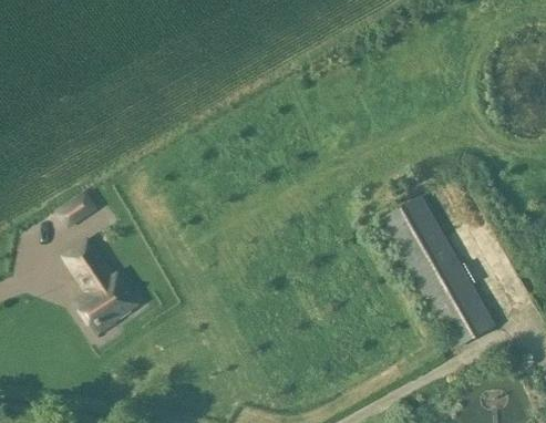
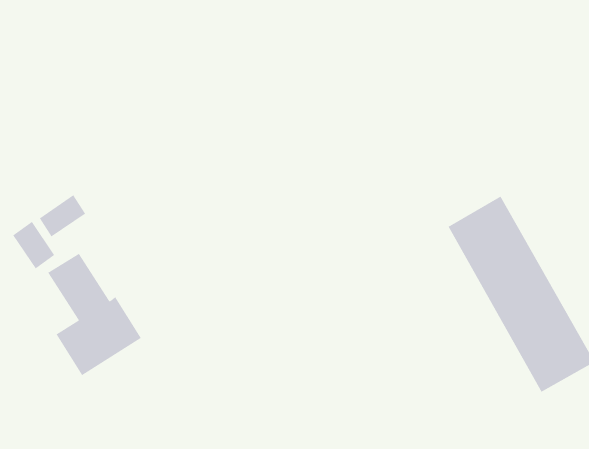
building: none -> [12,221,55,270]

